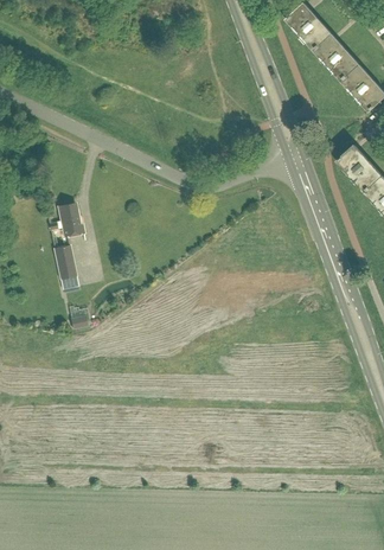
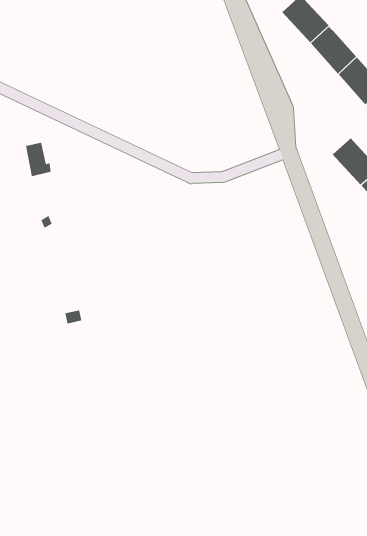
building: [58,204,84,238] -> [25,142,51,177]
building: [53,245,78,289] -> none

